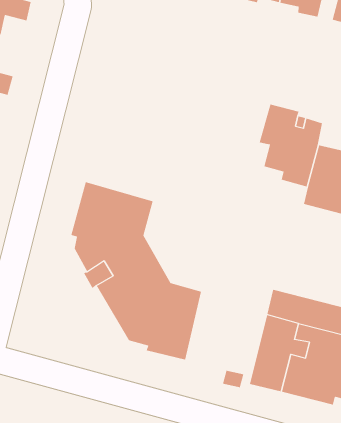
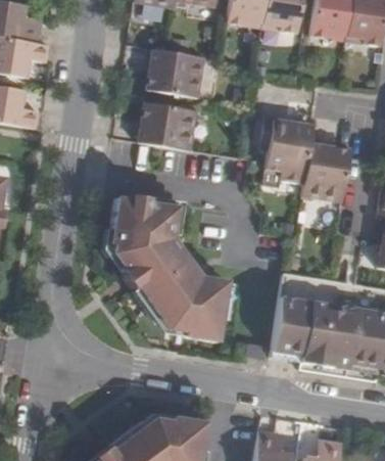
building: none -> [148,48,207,97]
building: none -> [141,102,199,150]

